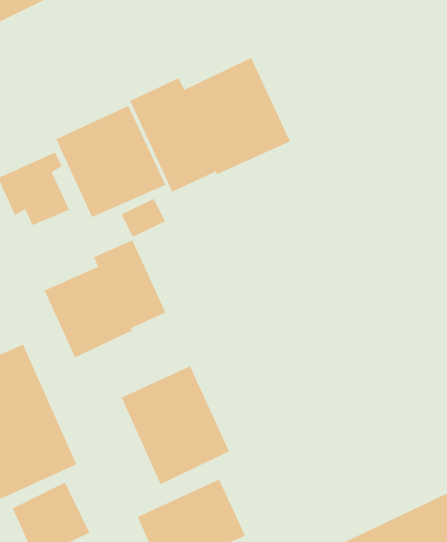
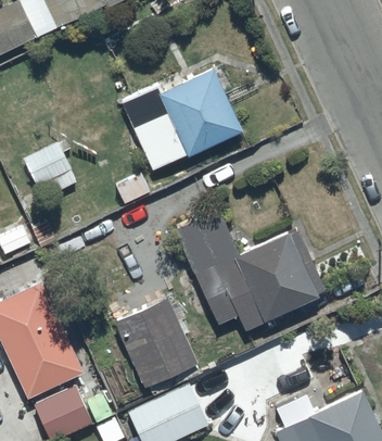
building: [55,105,166,218] -> none
building: [44,239,166,358] -> none
building: none -> [174,211,326,329]

